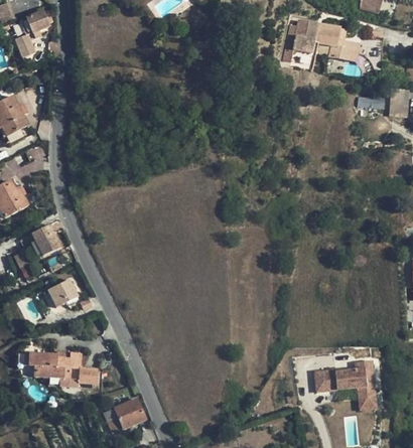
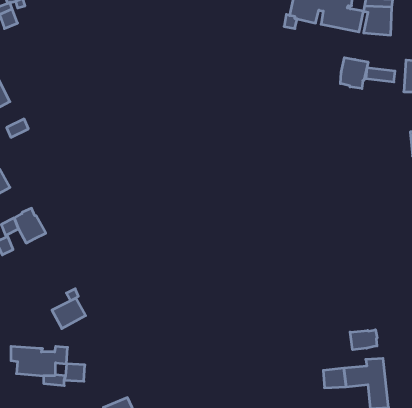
building: none -> [340,58,368,89]
building: [47,279,79,307] -> [52,298,86,329]
building: none -> [350,330,377,350]

